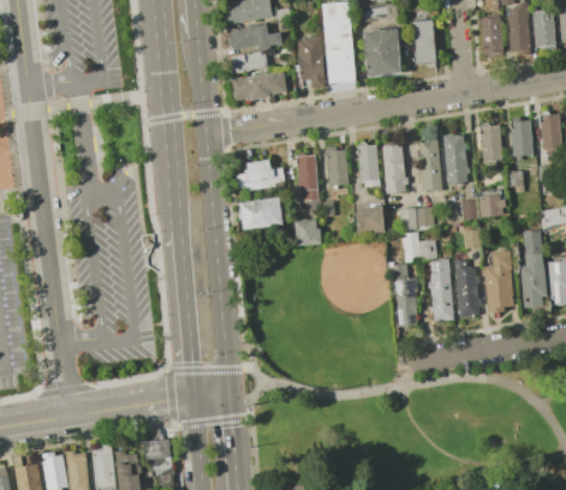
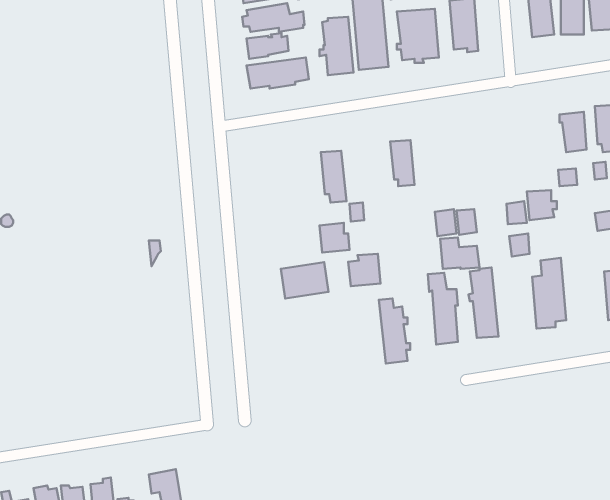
building: [479,125,501,161] -> none
building: [443,135,467,184] -> none
building: [418,138,441,191] -> none
building: [381,144,407,193] -> none
building: [326,150,348,185] -> none
building: [236,159,284,191] -> none
building: [240,197,282,229] -> [281,262,328,299]
building: [356,205,385,234] -> [348,254,381,286]
building: [519,231,546,307] -> none
building: [453,259,481,317] -> [379,298,410,363]

